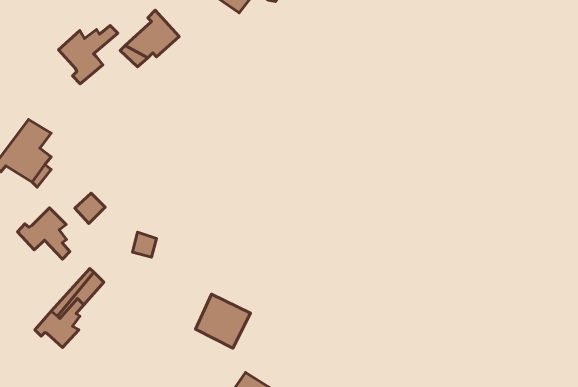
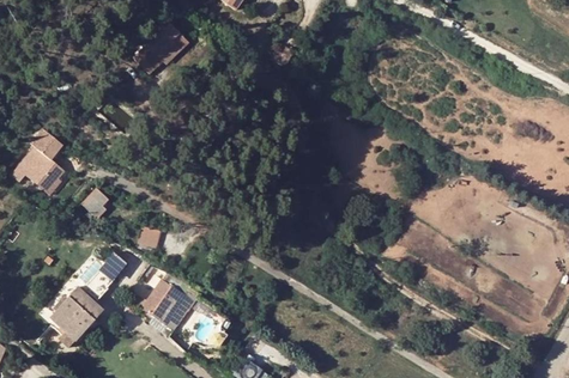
building: [59,25,118,84] -> none
building: [17,208,70,259] -> none
building: [195,294,251,348] -> [145,278,198,329]

